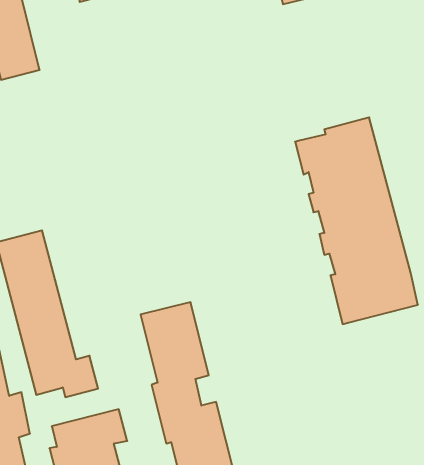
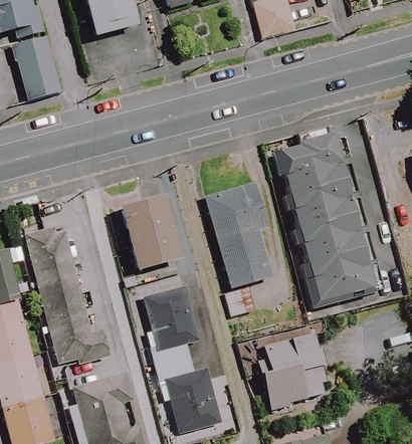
building: none -> [206,184,273,287]
building: none -> [123,196,184,269]
building: none -> [262,331,327,407]

